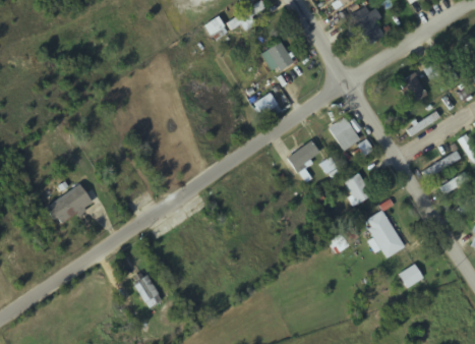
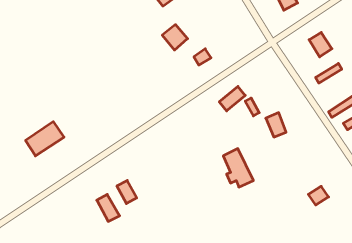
building: [261,41,293,72] -> [162,25,188,50]
building: [328,116,359,150] -> none
building: [366,209,404,256] -> [223,149,253,187]
building: none -> [117,180,137,204]

